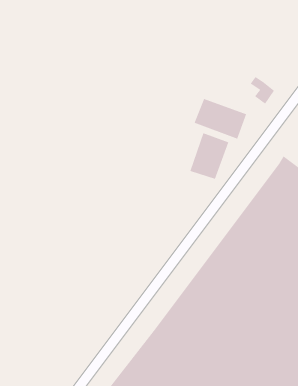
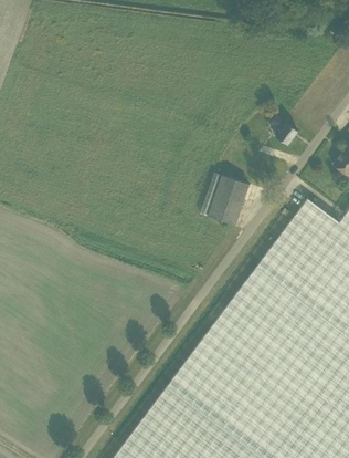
building: [194,98,247,139] -> none

